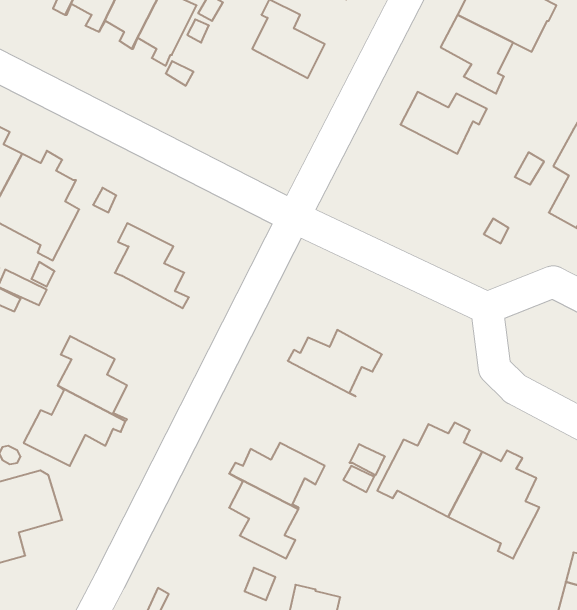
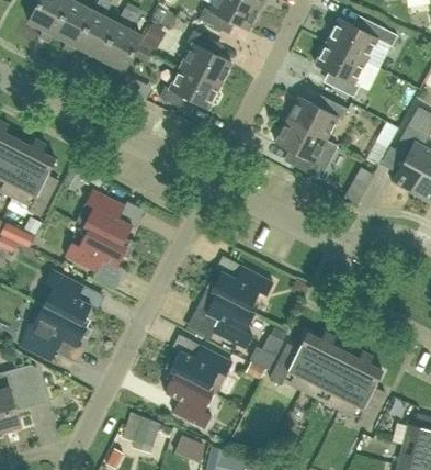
building: none -> [159,65,220,109]
building: none -> [275,119,327,175]
building: none -> [65,226,132,271]
building: none -> [192,287,254,347]
building: none -> [132,415,160,454]

